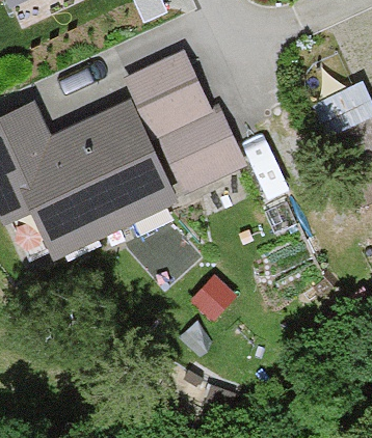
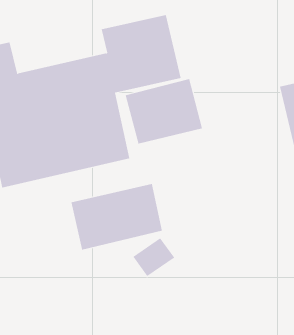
building: none -> [71,183,162,250]

